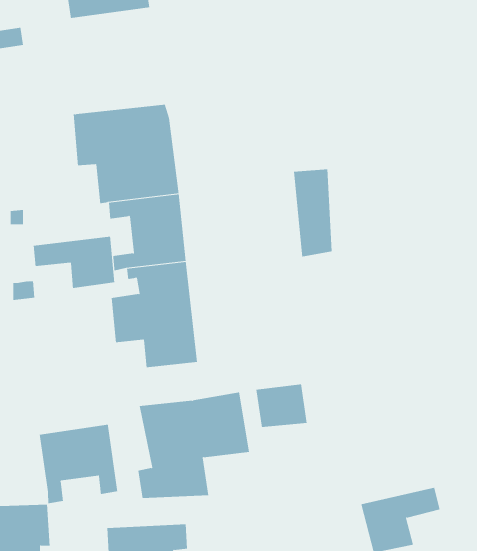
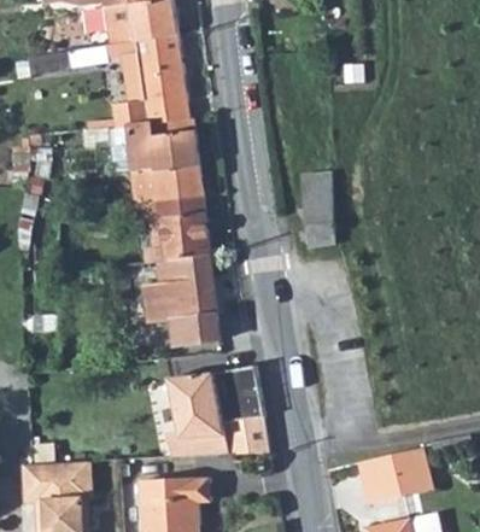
building: none -> [105,35,191,127]
building: [33,236,115,289] -> none
building: [255,384,307,427] -> [223,417,268,455]
building: [39,424,118,504] -> none

